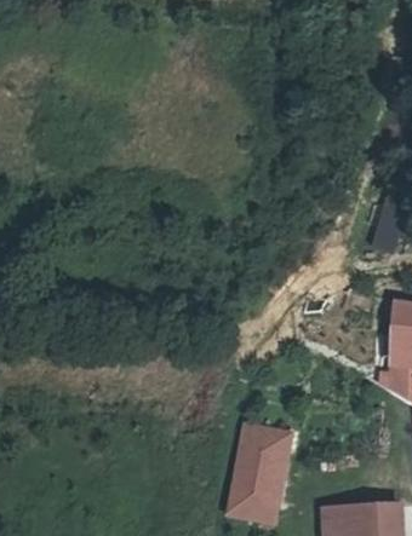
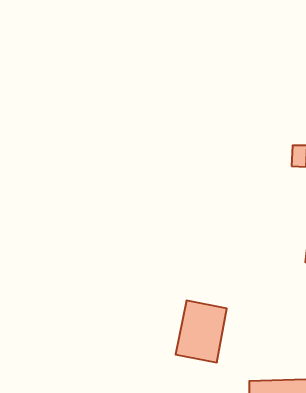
building: [227,485,281,519] -> none

